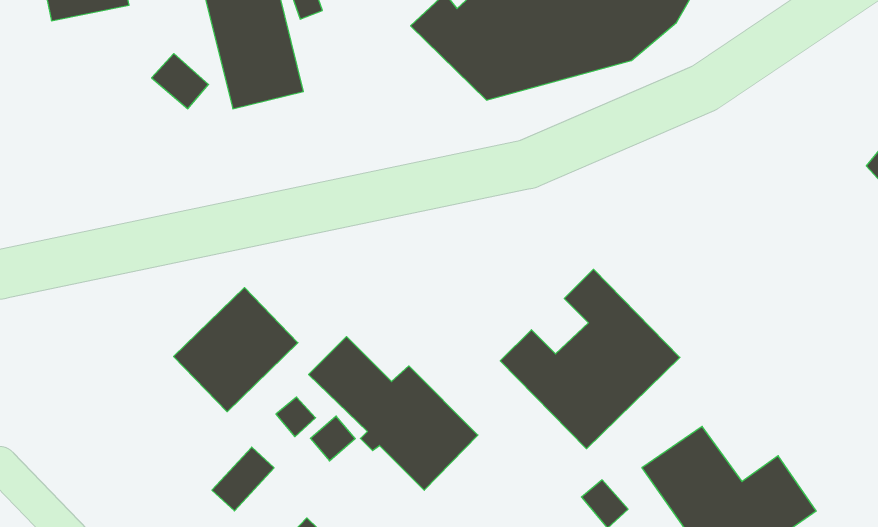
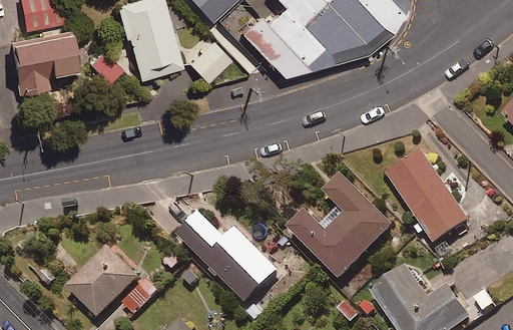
building: none -> [8,28,73,96]
building: none -> [186,40,231,85]
building: none -> [387,149,470,243]
building: [174,288,298,412] -> [68,246,140,318]

